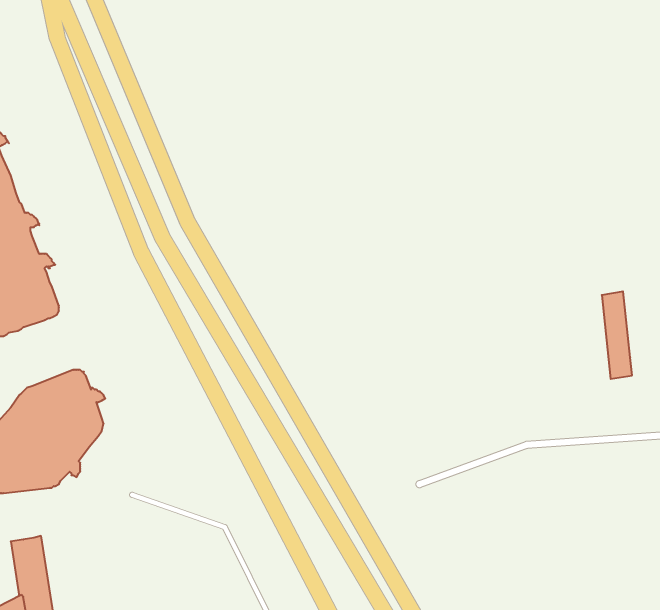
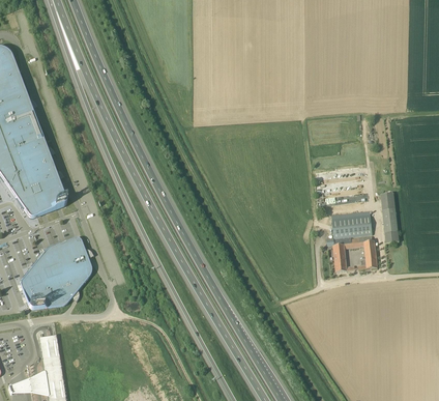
building: none -> [331,213,373,237]
building: none -> [333,239,377,271]

